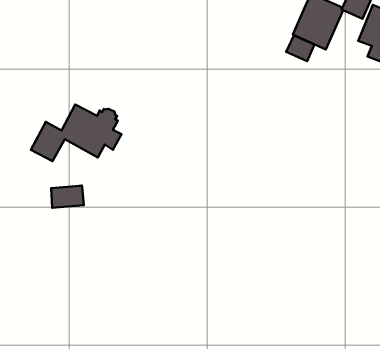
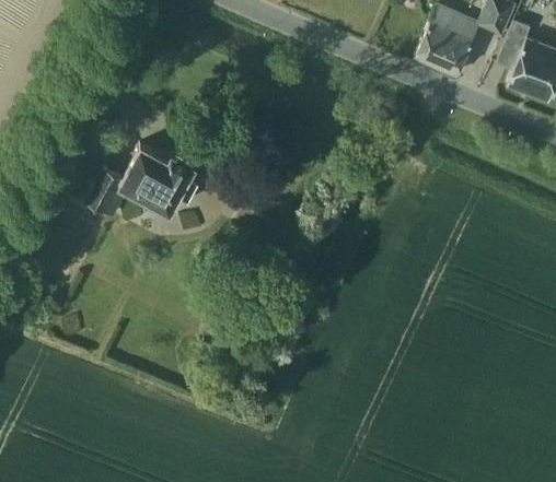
building: [286,35,314,61] -> none
building: [51,186,84,208] -> none

